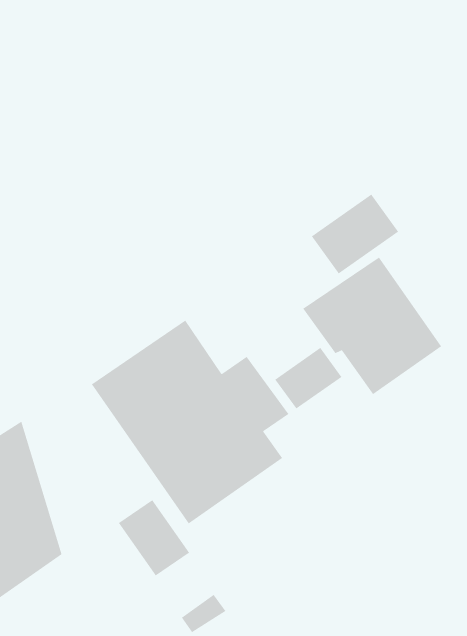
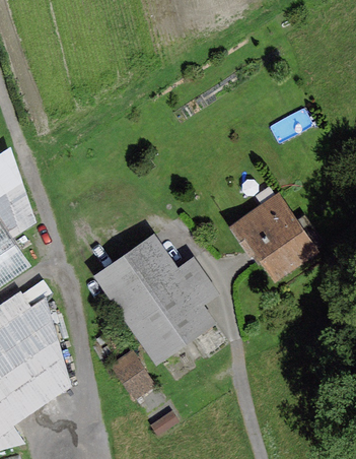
building: [311,194,399,274] -> none
building: [274,347,342,410] -> none

